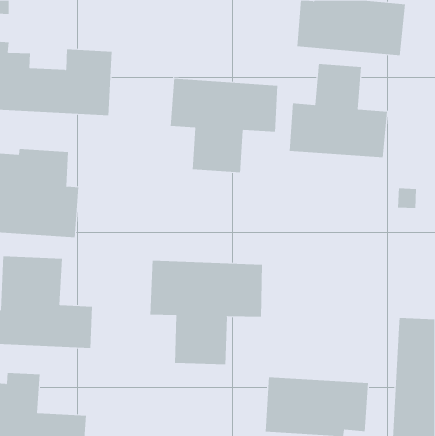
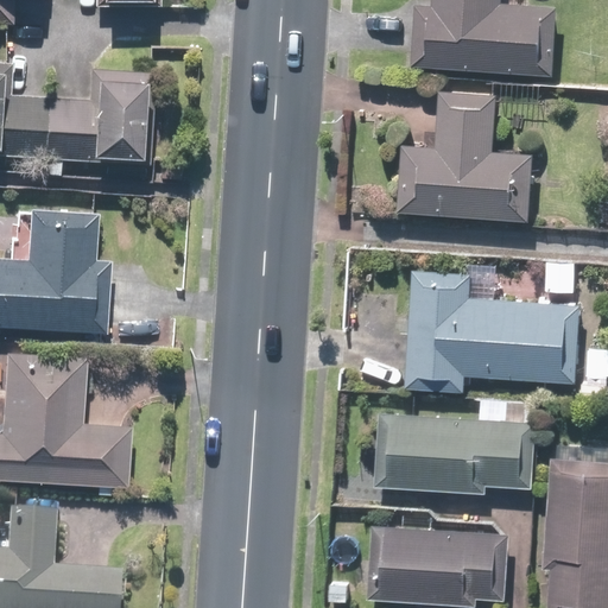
building: [170,78,278,173] -> none
building: none -> [406,266,582,394]
building: [150,260,263,365] -> none
building: none -> [375,401,537,493]

